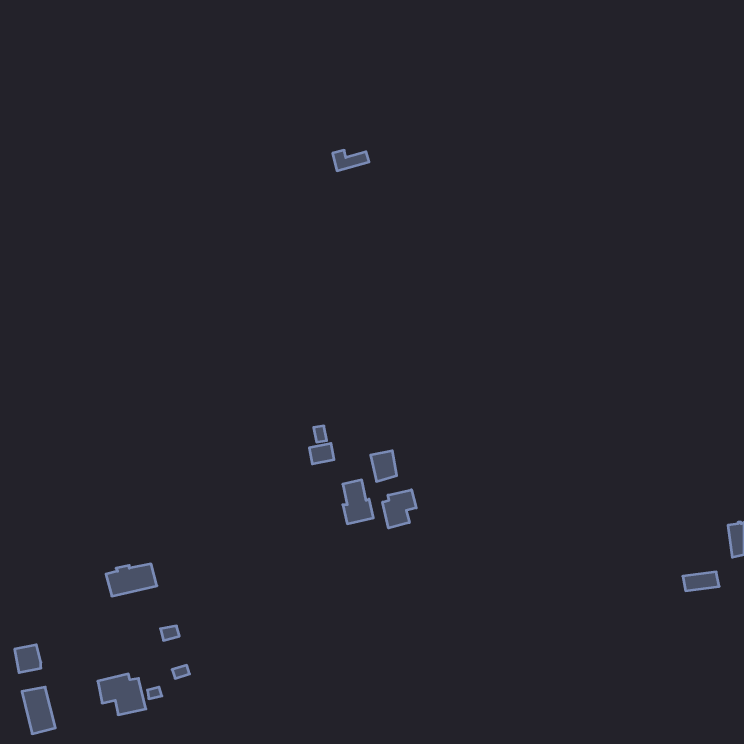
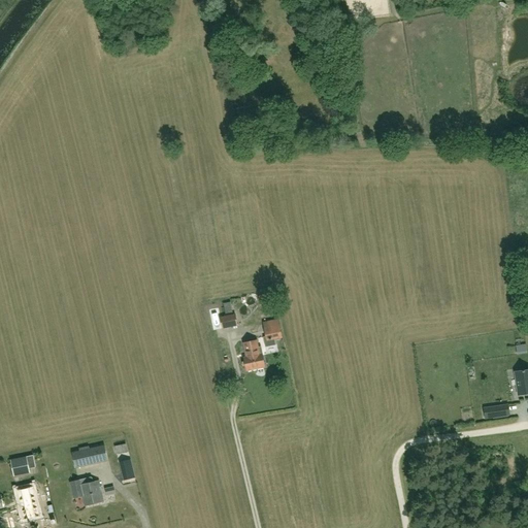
building: [383,490,416,528] -> none
building: [106,564,157,596] -> [71,444,107,467]

